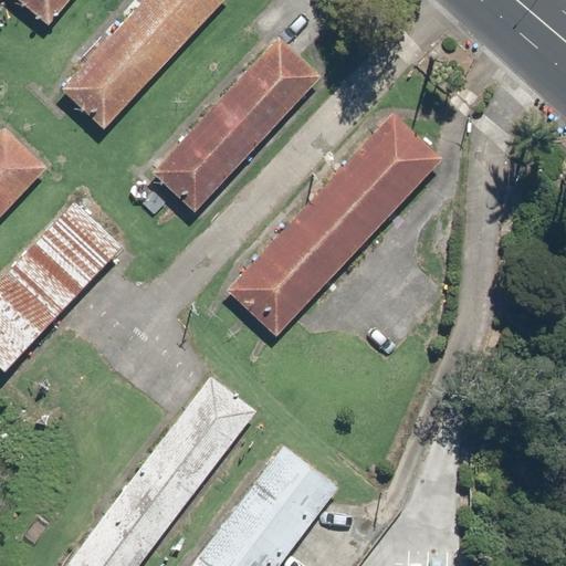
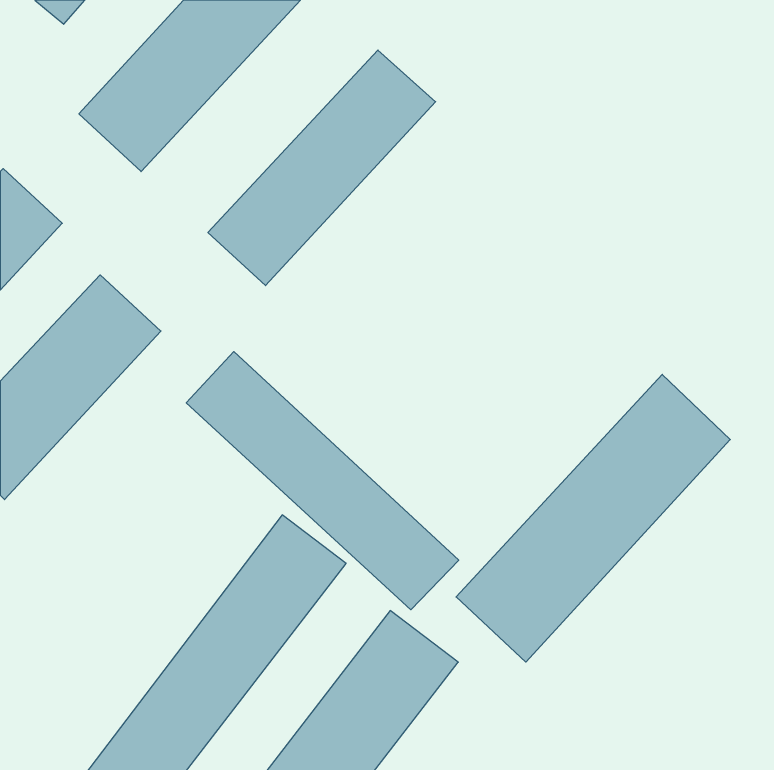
building: [228,112,442,336] -> none
building: none -> [186,352,459,610]
building: none -> [456,374,730,662]

